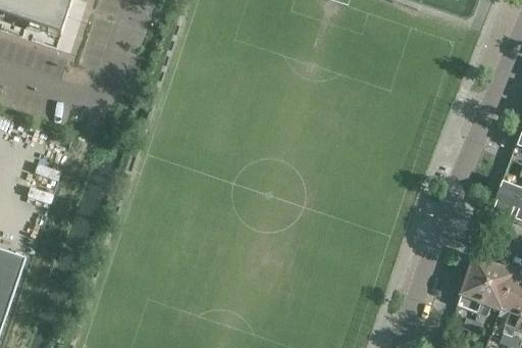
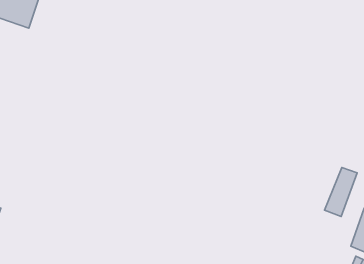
building: none -> [325,168,357,216]

